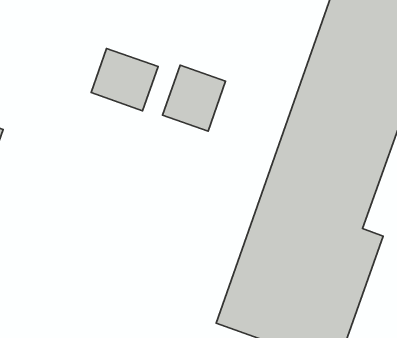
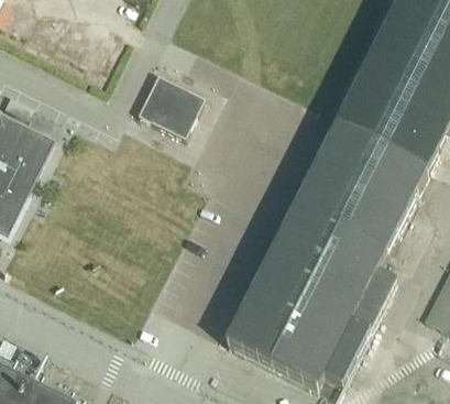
building: [163,65,226,131] -> none

